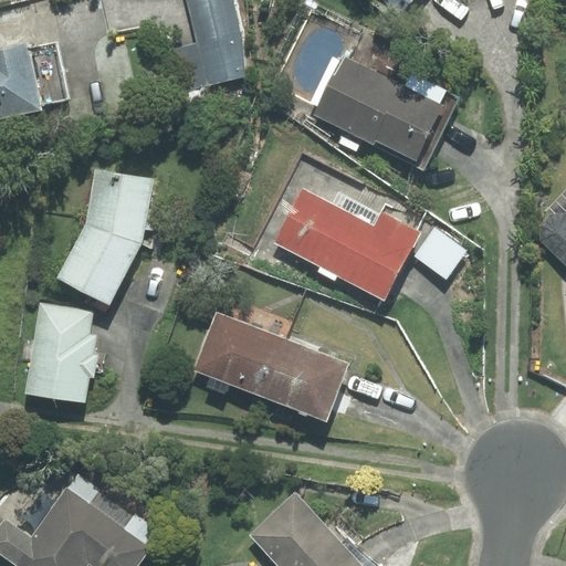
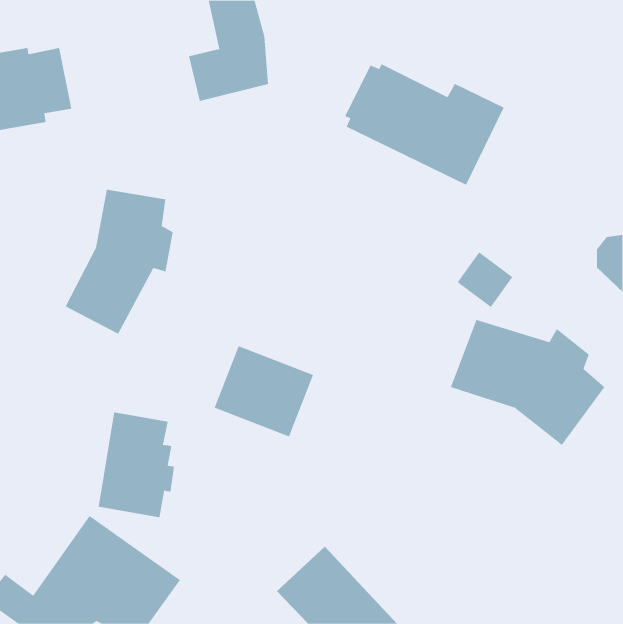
building: [273,189,420,301] -> none
building: none -> [450,319,605,446]
building: [27,305,96,401] -> [98,412,175,518]
building: [262,339,347,420] -> none

